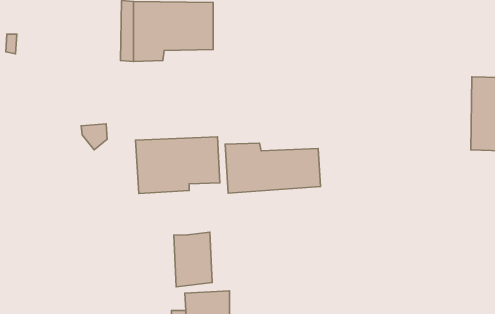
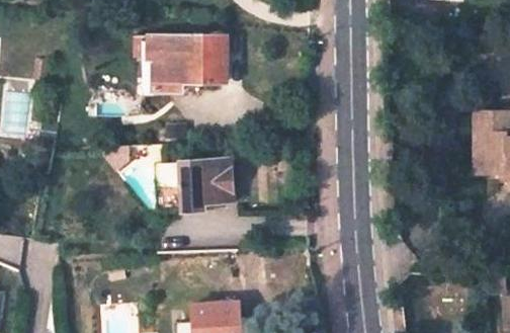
building: [225,143,320,193] -> none
building: [174,232,212,287] -> none

